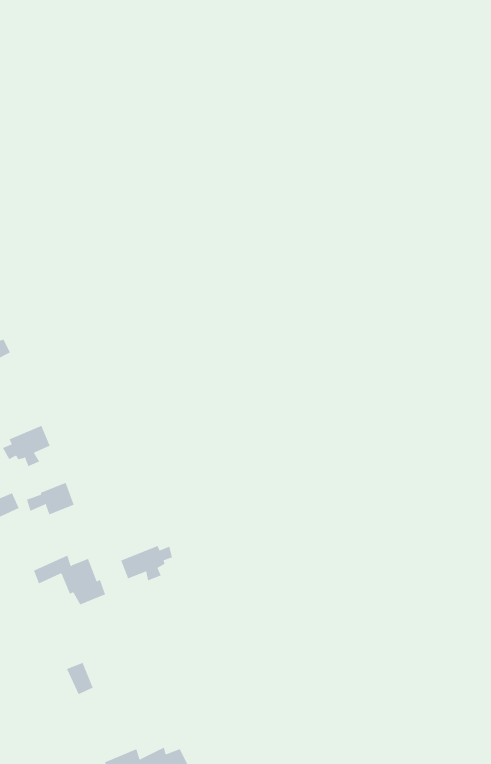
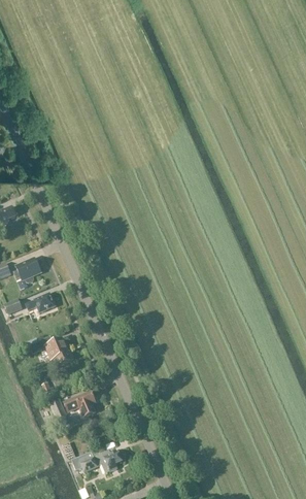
building: [120,545,173,581] -> none
building: none -> [64,392,96,419]

